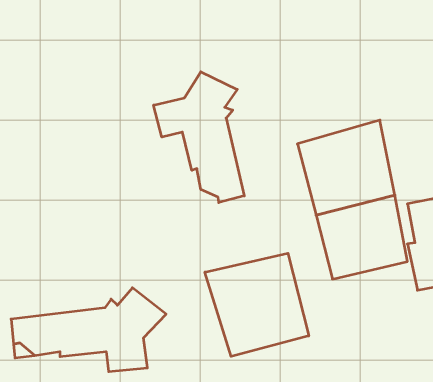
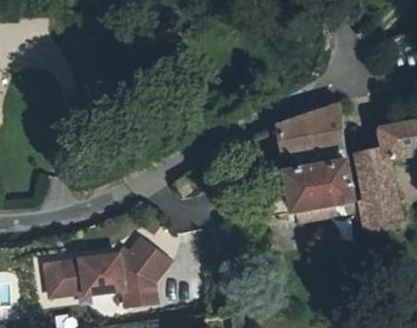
building: [154,72,244,203] -> none
building: [205,253,309,356] -> none

